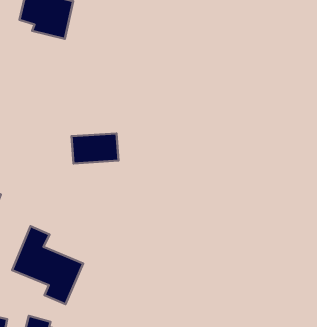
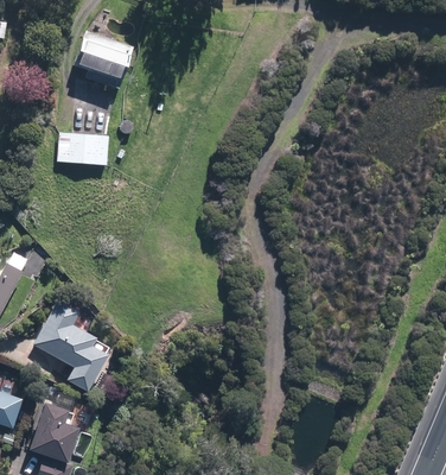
building: [72,133,119,163] -> [56,134,108,167]

